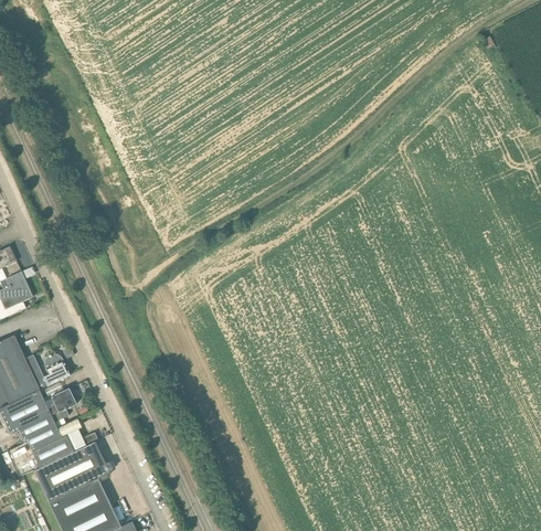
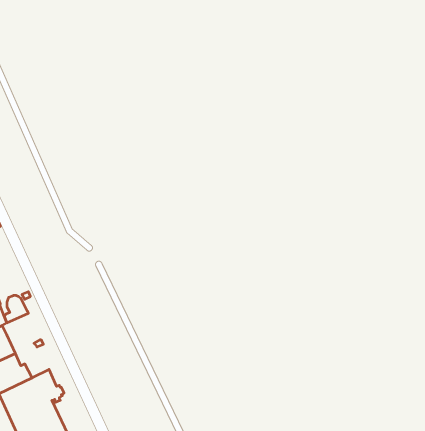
building: [44,387,76,422] -> none

